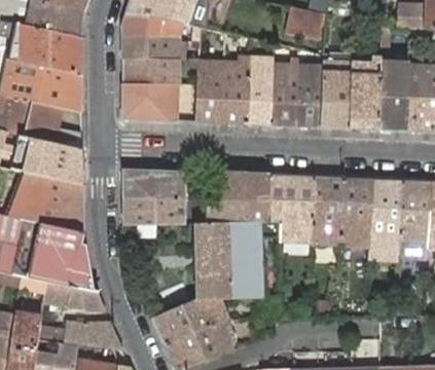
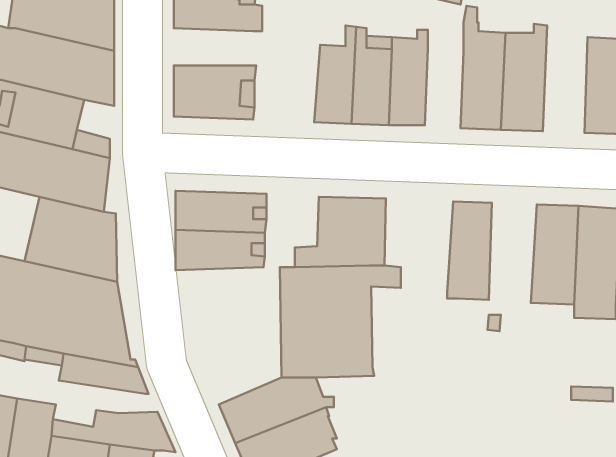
building: [376,45,408,130] -> none
building: [195,47,223,122] -> none
building: [122,58,177,83] -> none
building: [295,72,322,126] -> none
building: [267,175,315,239] -> none
building: [339,178,372,247] -> none

